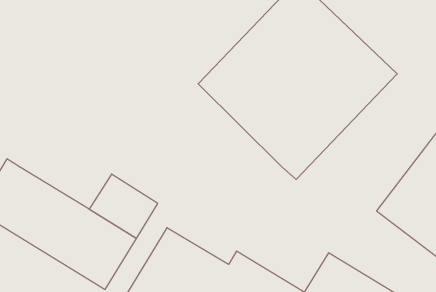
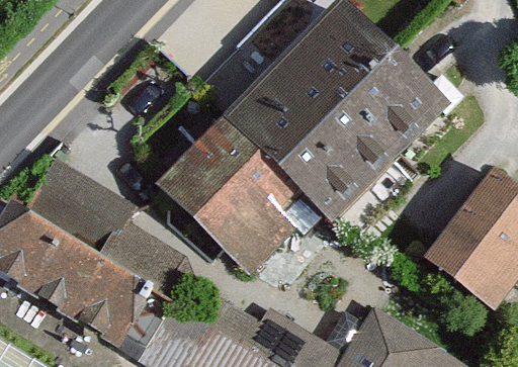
building: none -> [157,115,320,278]
building: none -> [22,156,135,257]

